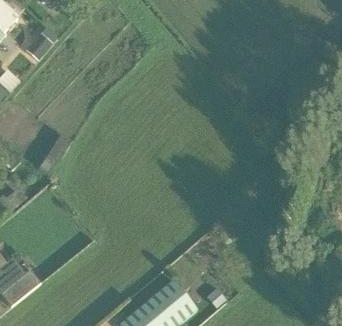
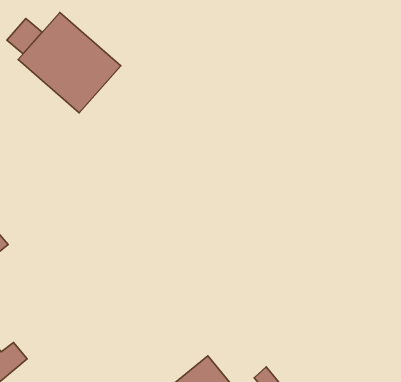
building: none -> [18,13,121,113]

